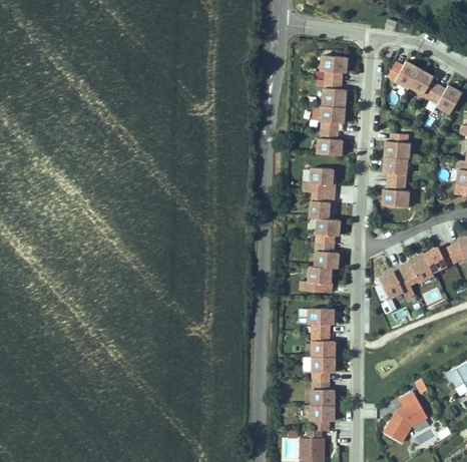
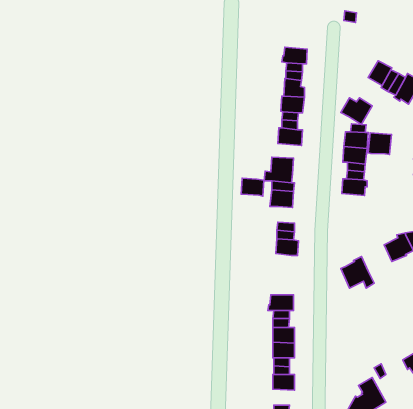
building: [388,61,420,88] -> [341,98,372,124]
building: none -> [368,133,392,155]
building: [317,217,340,236] -> [241,178,264,196]
building: [403,257,436,284] -> none
building: [301,266,333,293] -> none
building: [311,404,335,420] -> none

